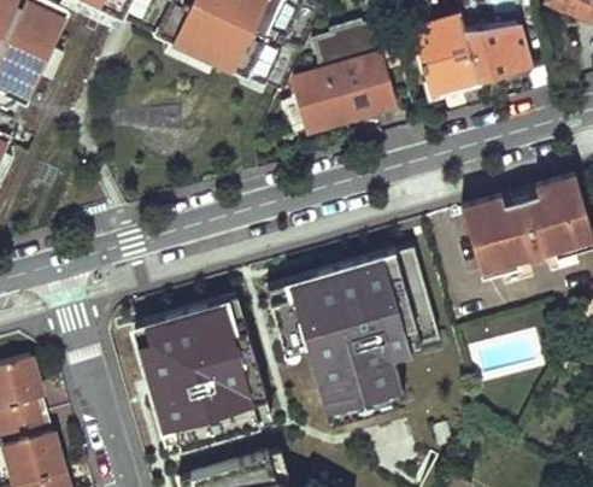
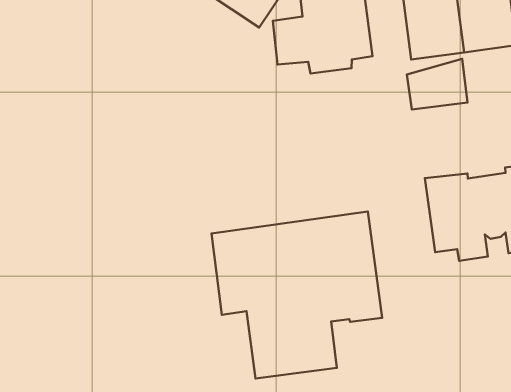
building: none -> [407,59,468,109]
building: [131,299,271,451] -> none

